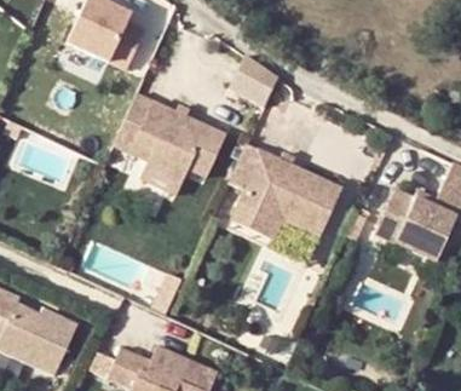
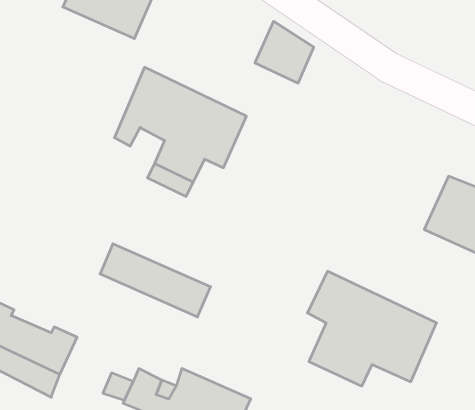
building: [231,144,340,241] -> [307,271,437,386]

